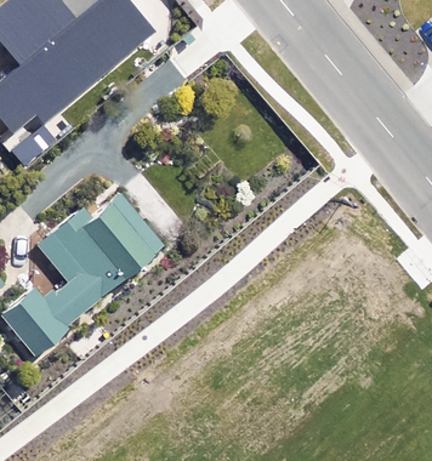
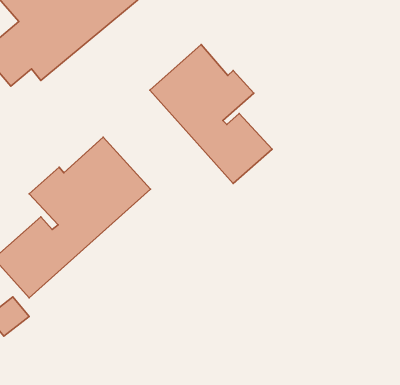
building: none -> [150,45,272,183]

